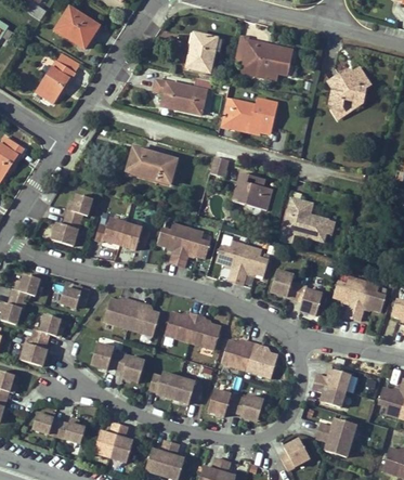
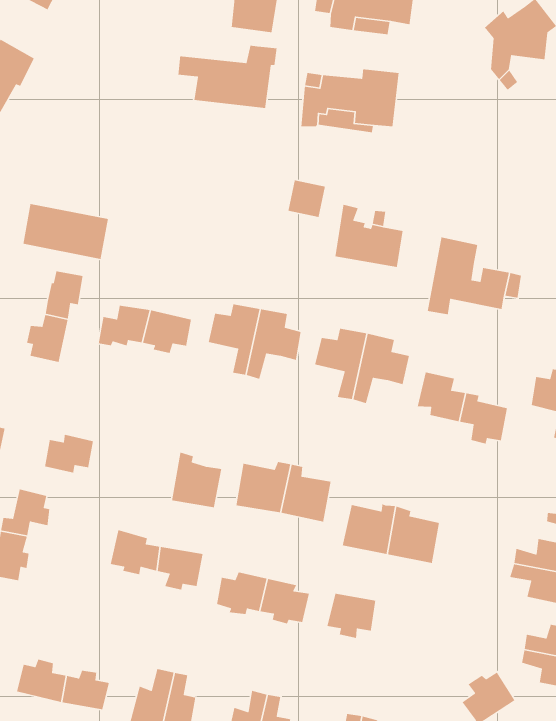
building: [128,146,178,182] -> [22,203,109,260]
building: [102,299,135,328] -> none
building: [233,394,263,419] -> none

